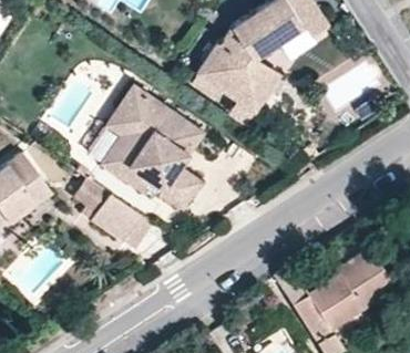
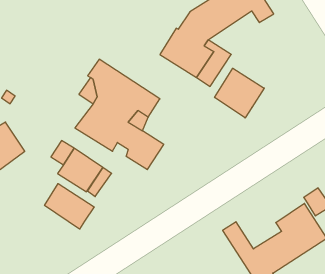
building: none -> [215,68,264,118]
building: none -> [45,184,94,229]

